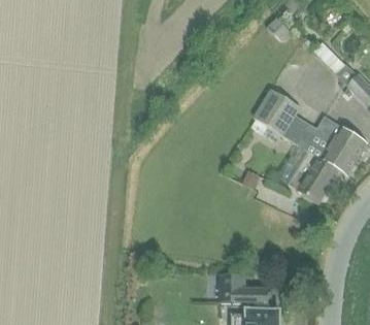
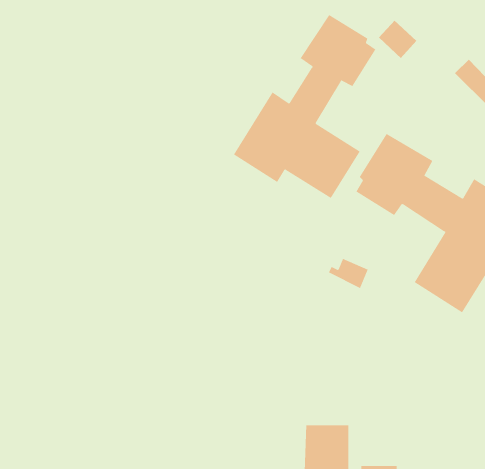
building: none -> [233,14,376,199]

